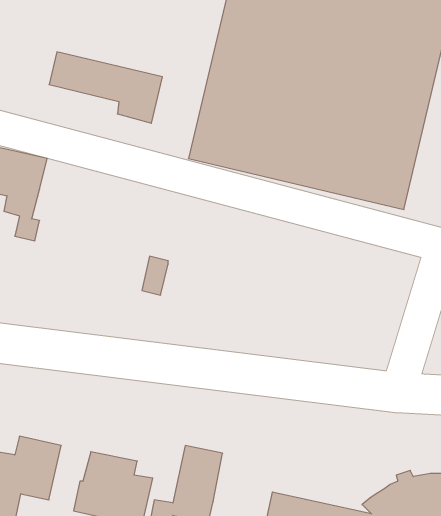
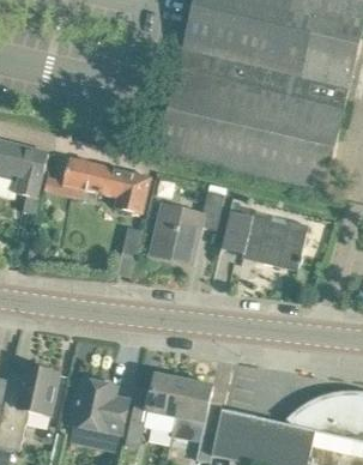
building: [49,52,162,123] -> [62,157,150,212]
building: none -> [150,191,224,262]
building: none -> [220,195,308,270]
building: none -> [176,379,212,422]

